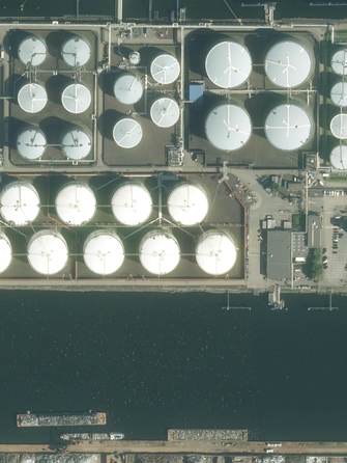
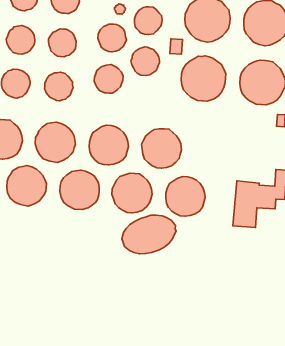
building: none -> [122,215,176,254]

